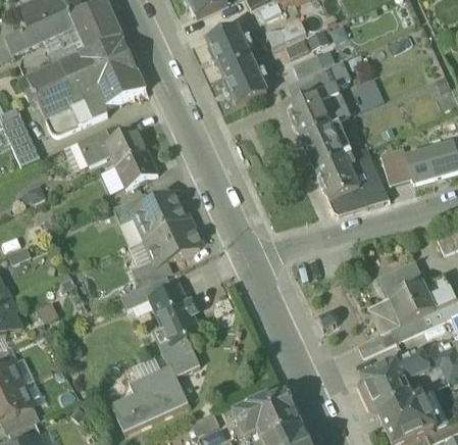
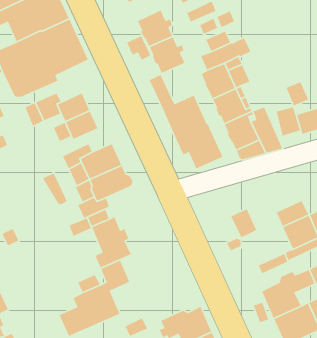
building: none -> [126,35,151,61]
building: [355,76,385,107] -> [286,81,309,106]
building: none -> [148,74,224,169]
building: none -> [42,172,68,205]
building: [367,296,401,334] -> [230,208,257,238]

